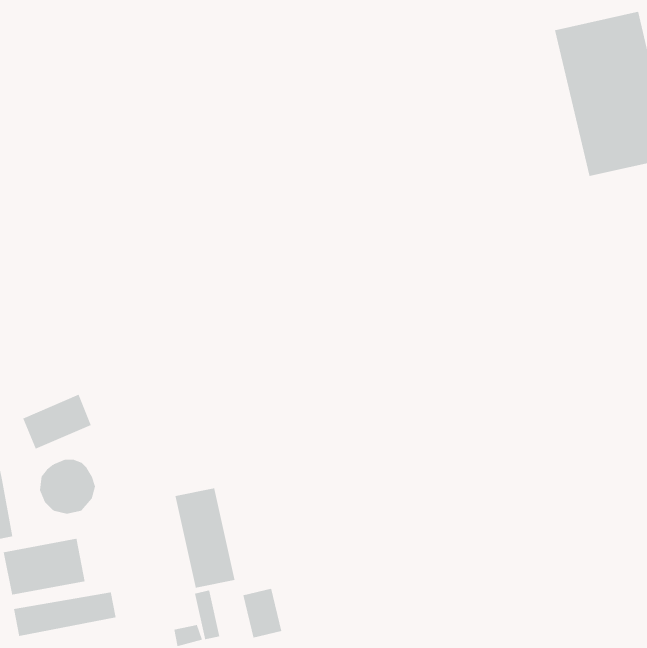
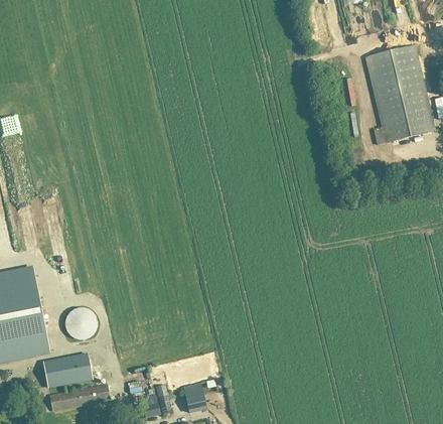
building: [22,394,92,449] -> none
building: [175,488,235,589] -> none

